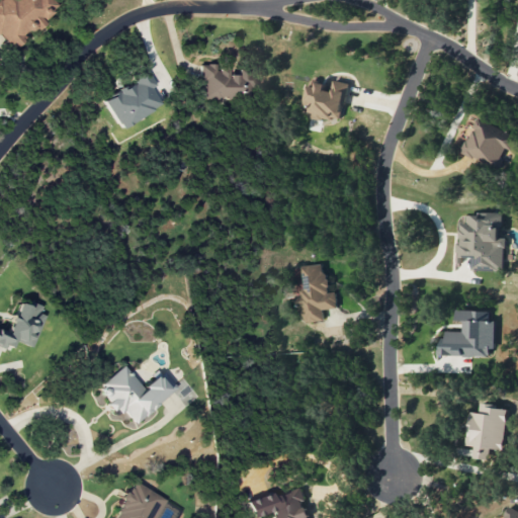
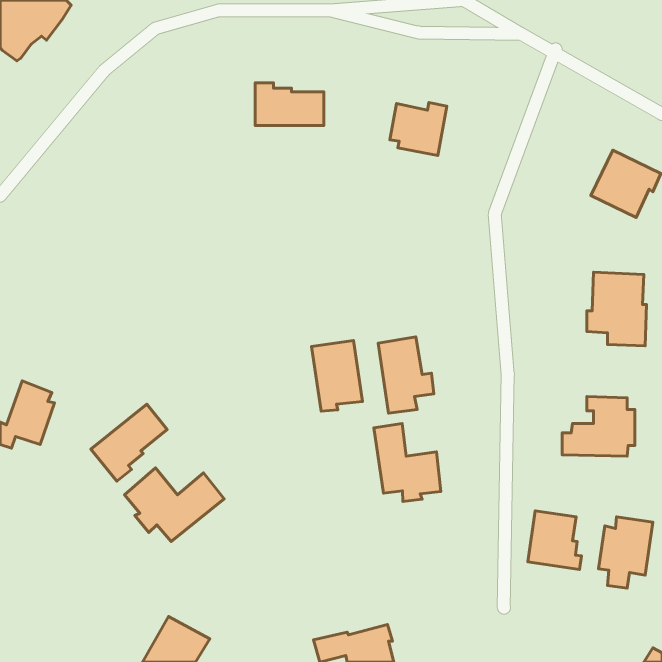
building: [103,68,160,128] -> none
building: none -> [312,340,363,411]
building: none -> [91,404,167,481]
building: none -> [374,423,441,501]
building: none -> [528,511,582,569]

